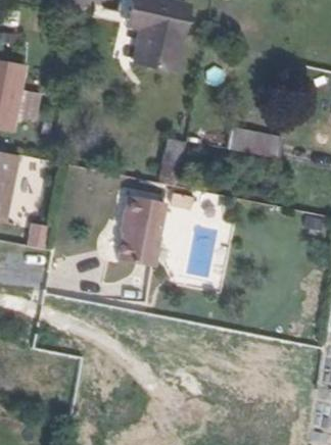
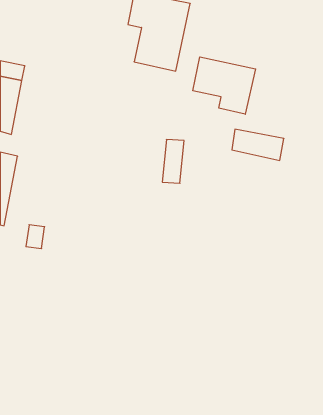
building: none -> [193,57,256,114]
building: [117,196,166,268] -> none

